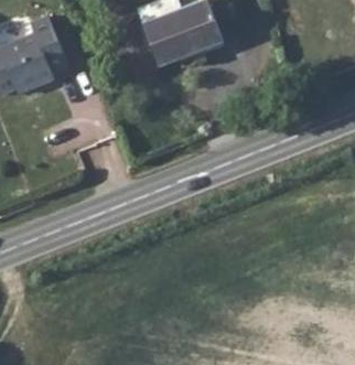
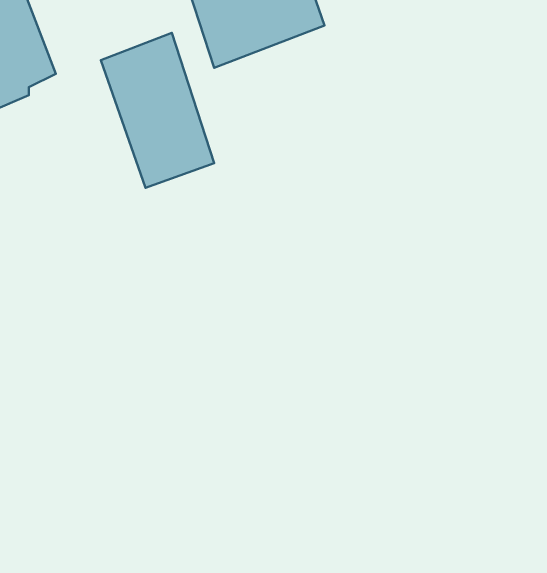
building: none -> [101,33,214,188]

